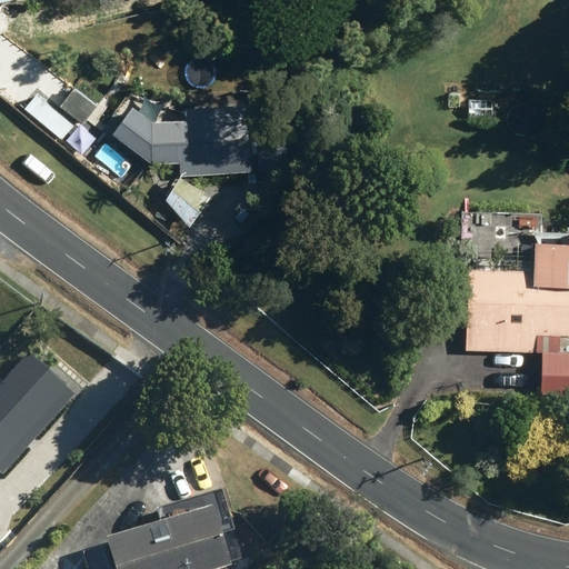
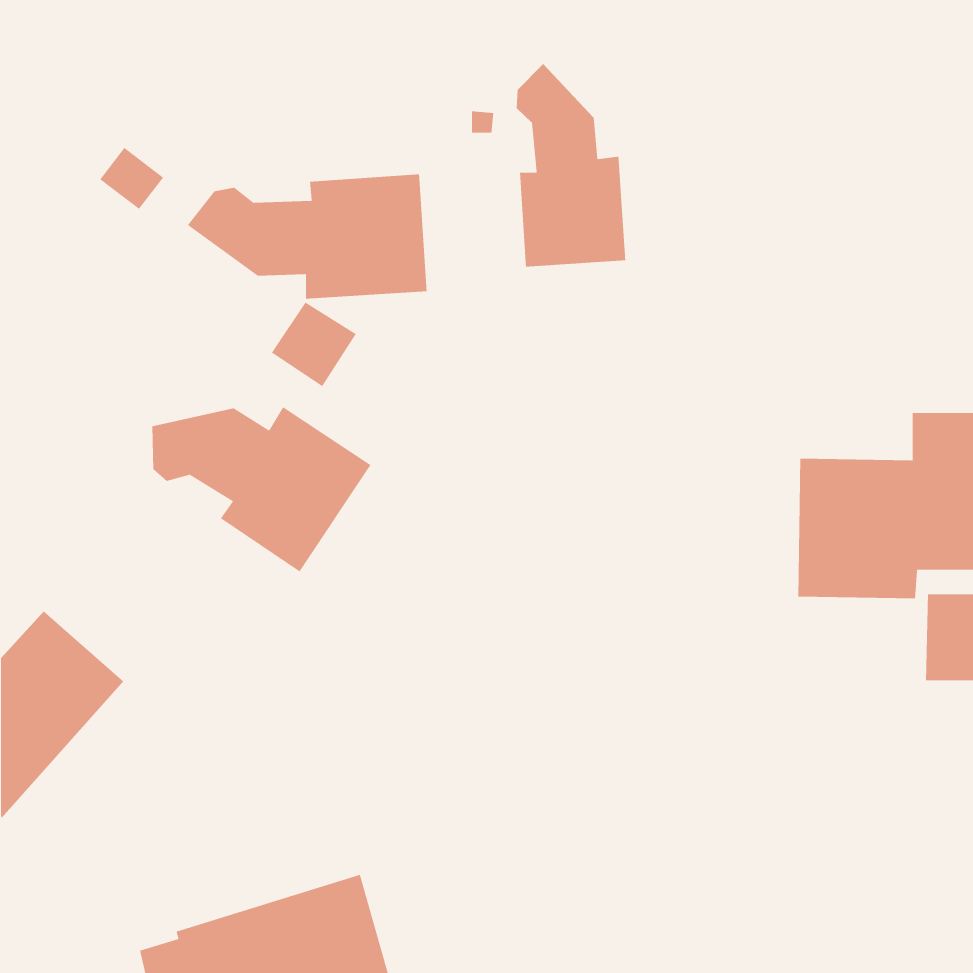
building: none -> [516,63,626,267]
building: none -> [151,406,371,573]

